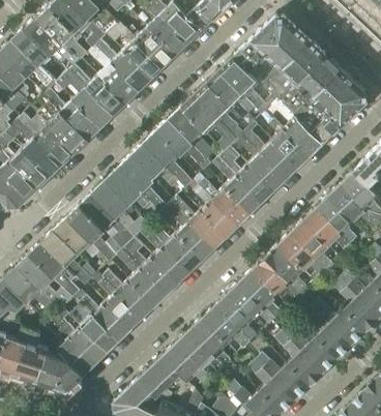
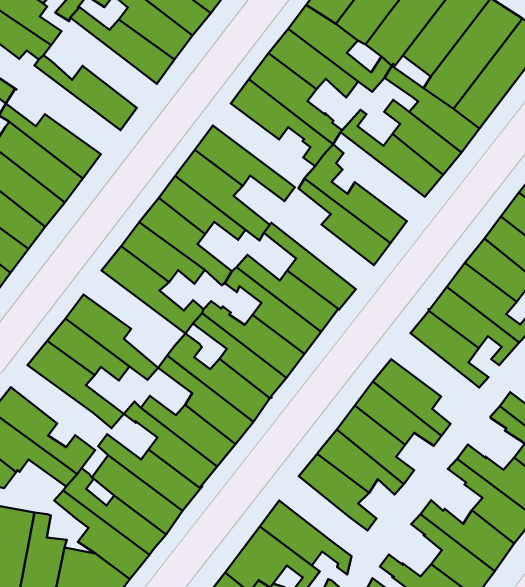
building: [88,44,139,102] -> none
building: [56,69,114,126] -> none
building: [168,108,212,156] -> none
building: [236,133,285,190] -> none
building: [194,174,250,226] -> none
building: [79,194,135,248] -> none
building: [29,242,79,297] -> none
building: [252,256,300,299] -> none
building: [175,329,224,373] -> none

